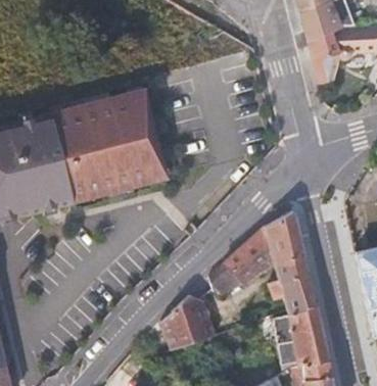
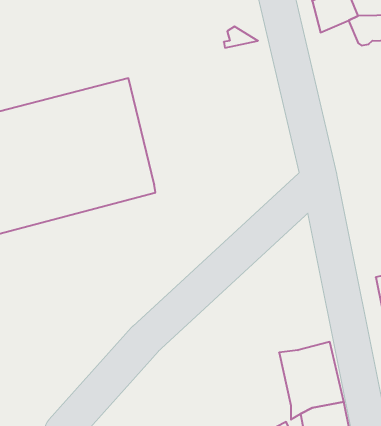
building: [308,29,340,82] -> none
building: [207,212,316,315] -> none
building: [154,294,205,352] -> none

